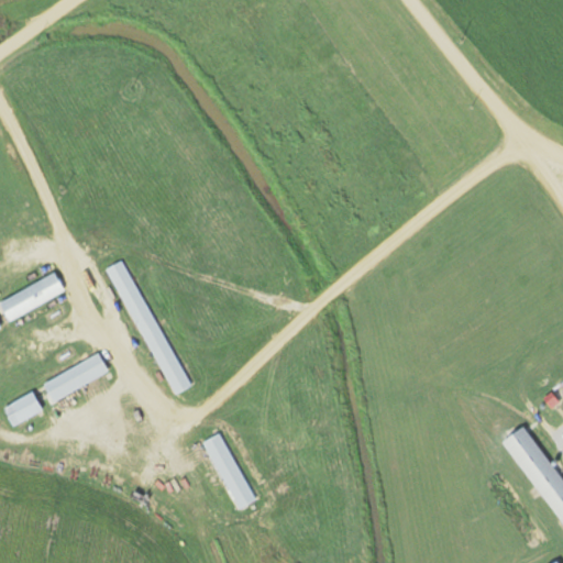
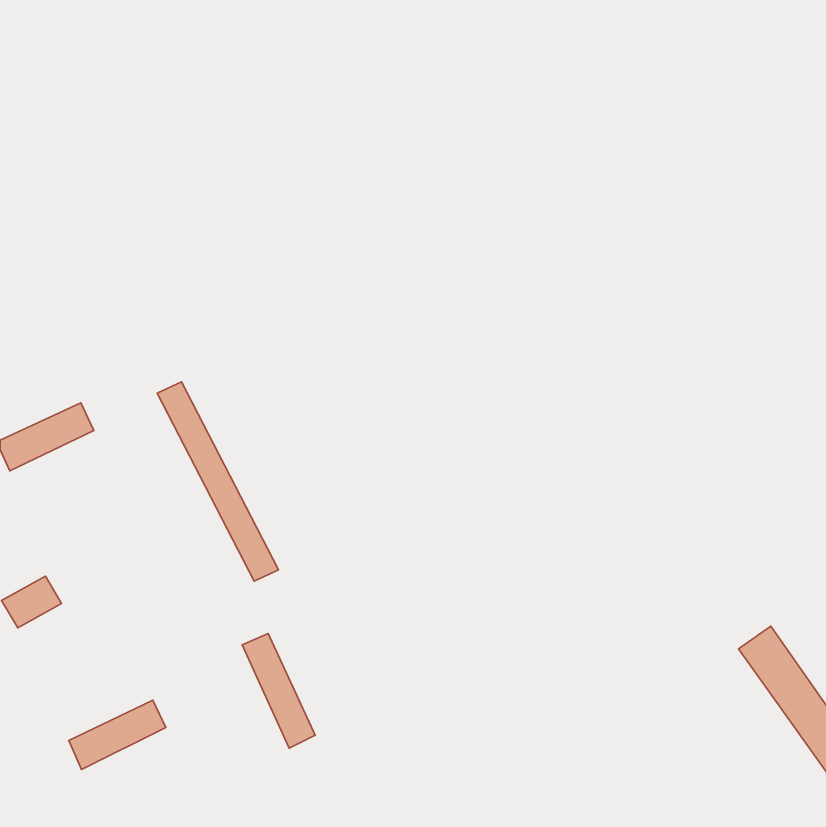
building: [43,354,109,401] -> [69,700,166,770]
building: [205,432,254,510] -> [242,633,315,748]

